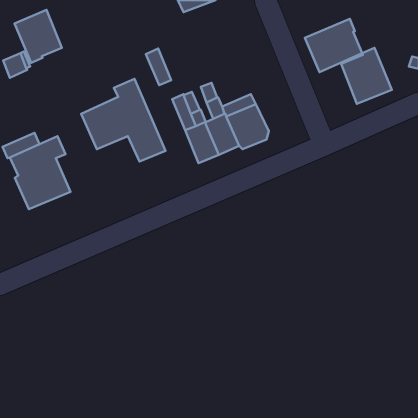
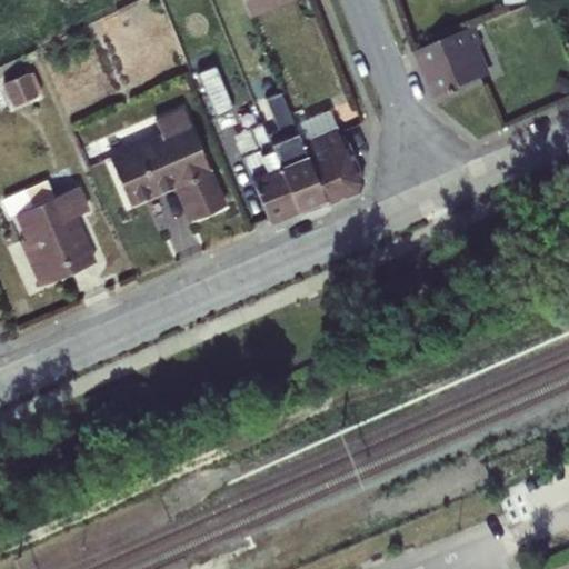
building: [14,10,62,63] -> none
building: [341,48,392,104] -> none

